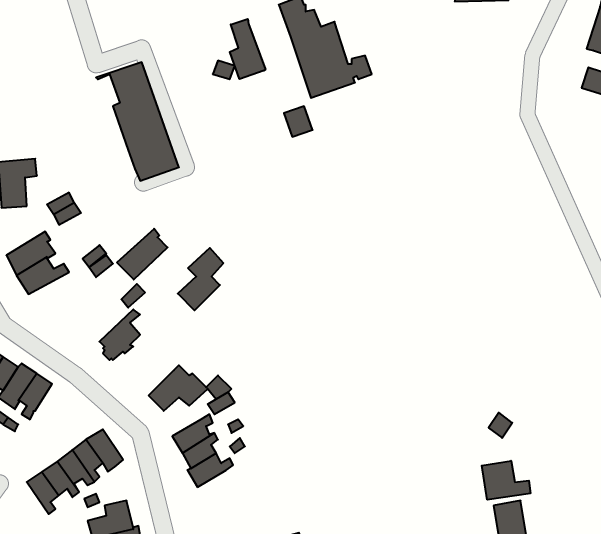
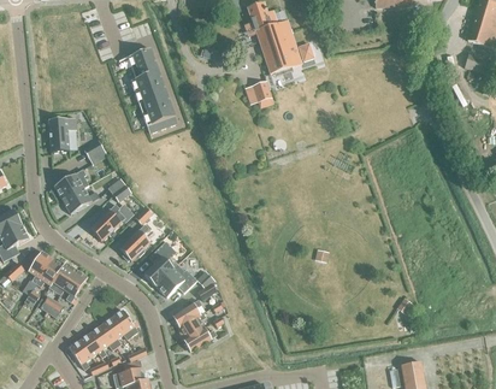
building: [230,19,265,79] -> none
building: [117,229,168,280] -> [89,205,125,241]
building: [178,248,223,310] -> [143,242,176,287]
building: [482,461,530,500] -> none

